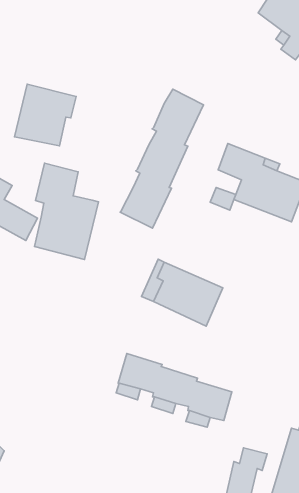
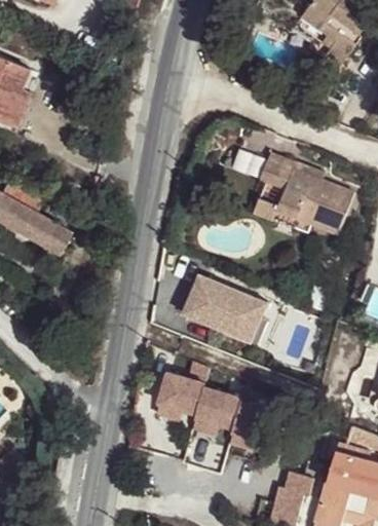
building: [15,84,76,146] -> none
building: [120,89,204,228] -> none
building: [34,163,99,259] -> none

